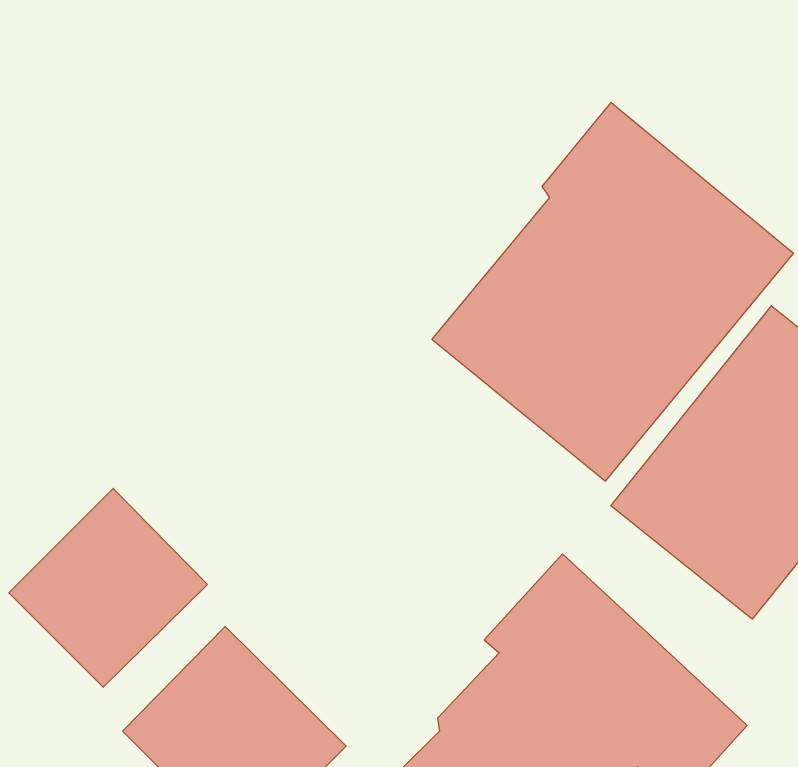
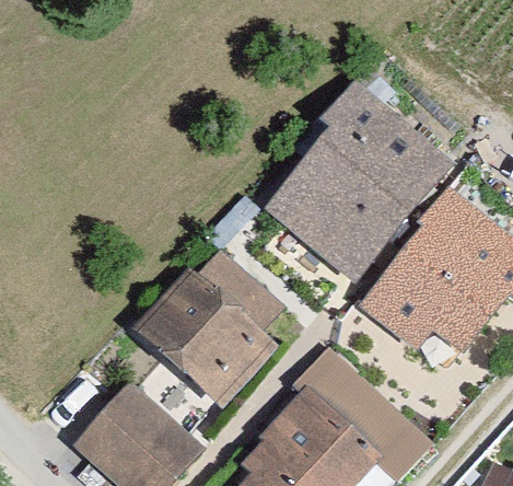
building: none -> [130,265,284,416]
building: [9,488,207,687] -> none

